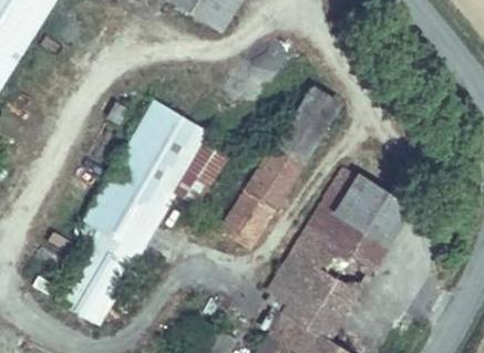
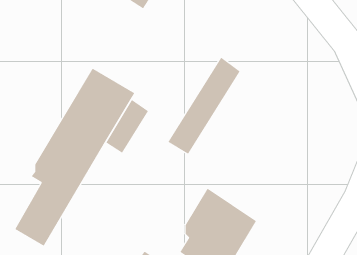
building: [297,167,402,289] -> none
building: [223,191,274,246] -> none

